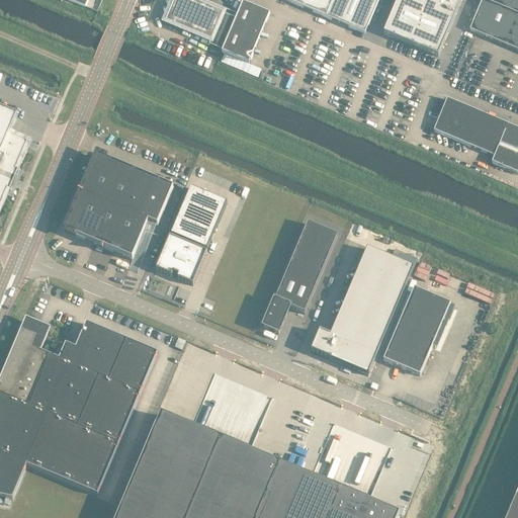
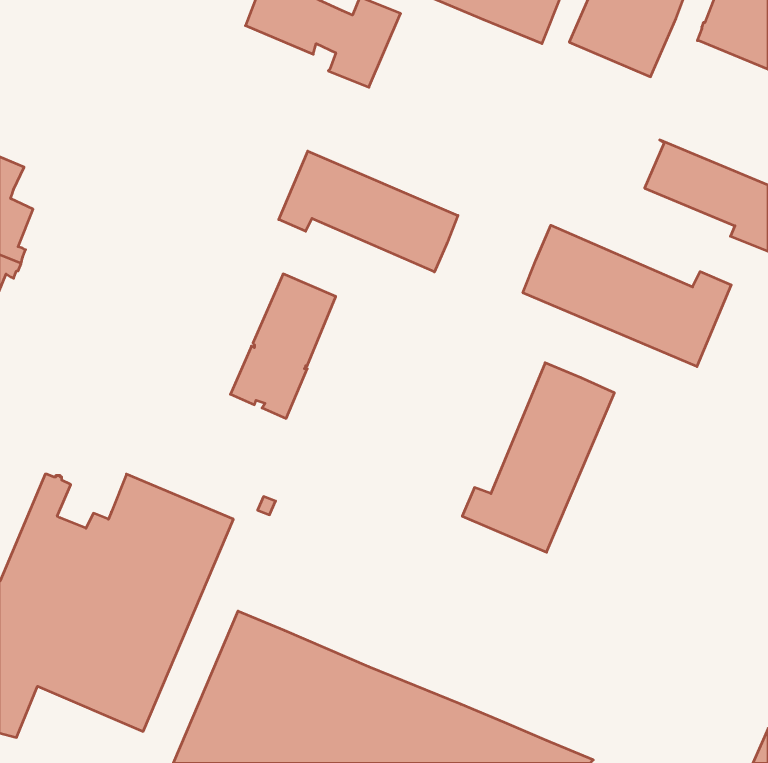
building: none -> [279,151,458,272]
building: none -> [523,225,731,367]
building: [67,154,172,256] -> none
building: [263,219,337,330] -> none
building: [382,284,450,372] -> none

